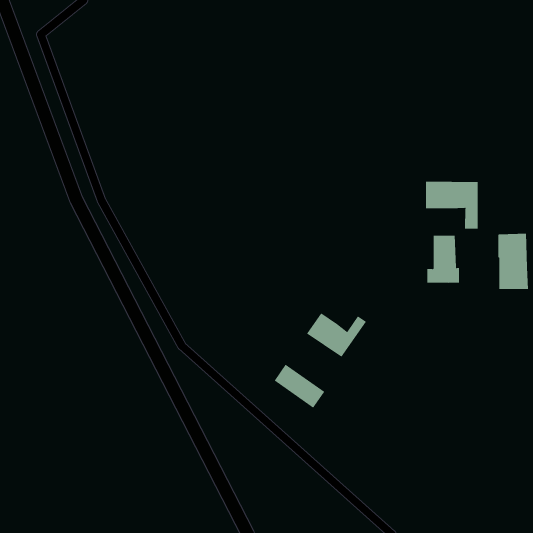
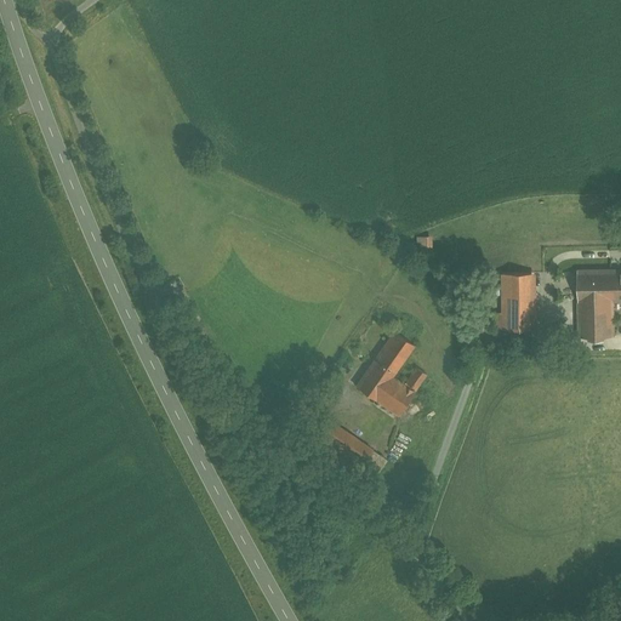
building: [426,181,478,230] -> none
building: none -> [372,332,414,377]

